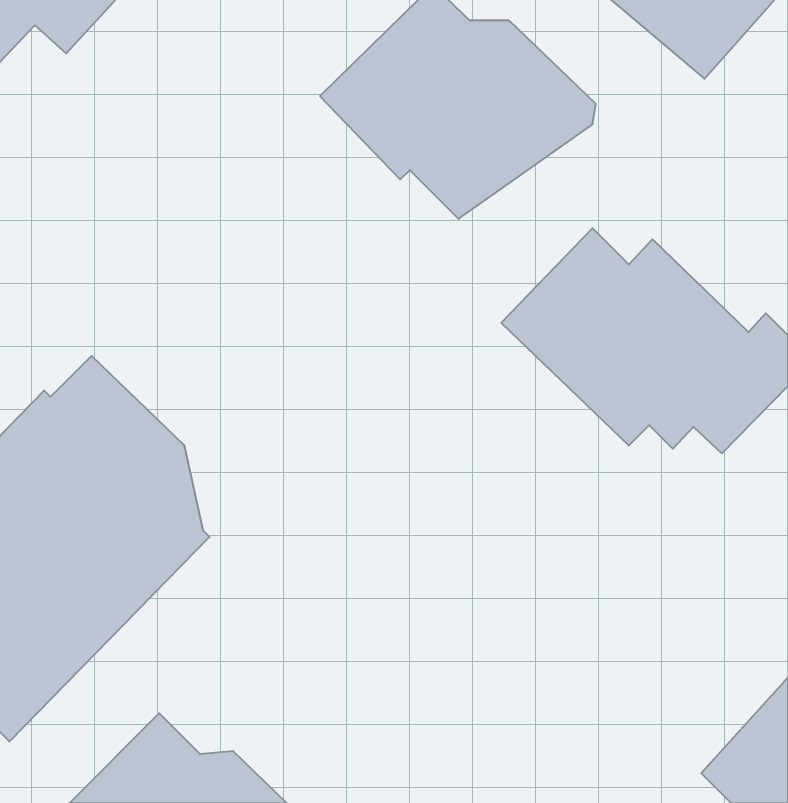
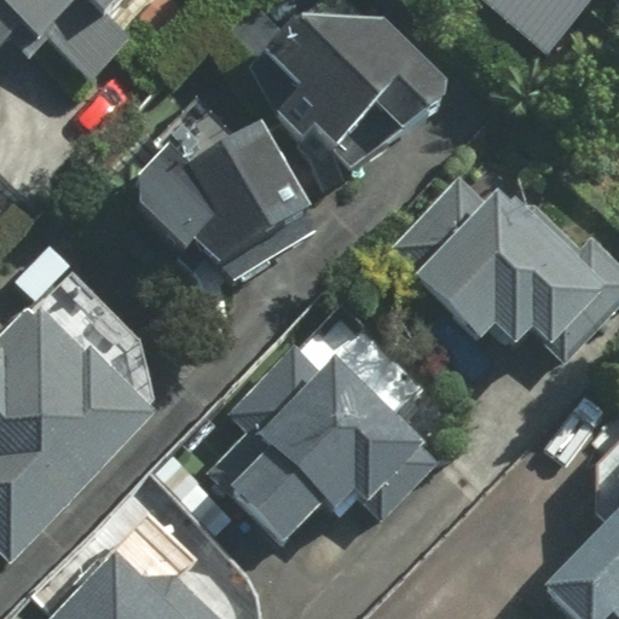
building: none -> [146,115,324,260]
building: none -> [202,346,429,543]

